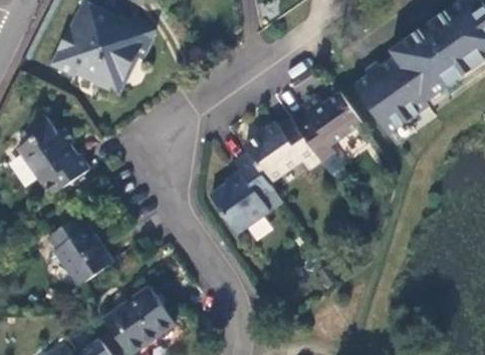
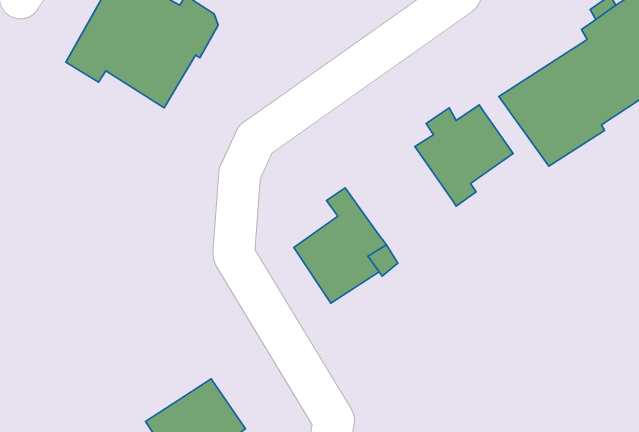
building: [17,114,89,194] -> none
building: [242,116,321,183] -> none
building: [55,216,115,284] -> none

